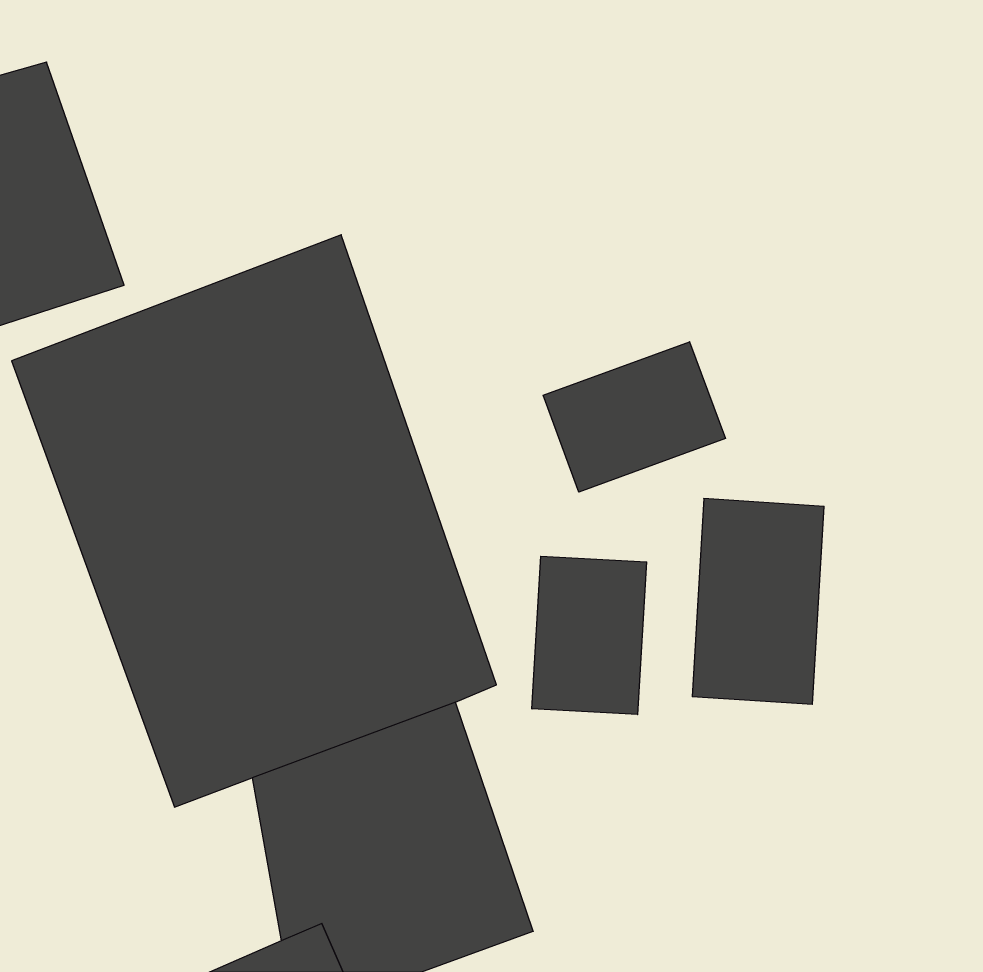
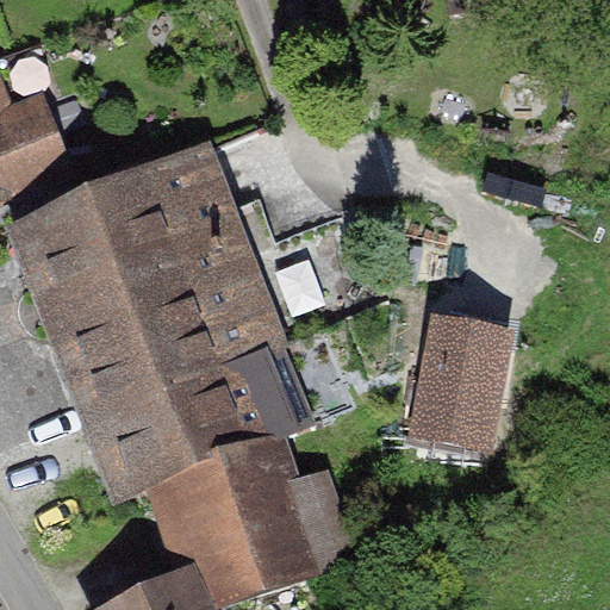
building: [543,342,726,492] -> none
building: [532,556,647,715] -> none

